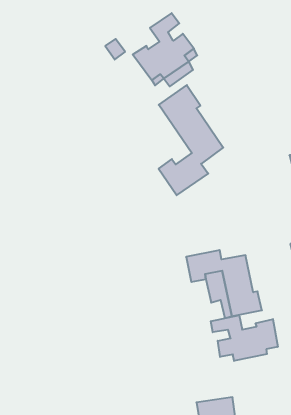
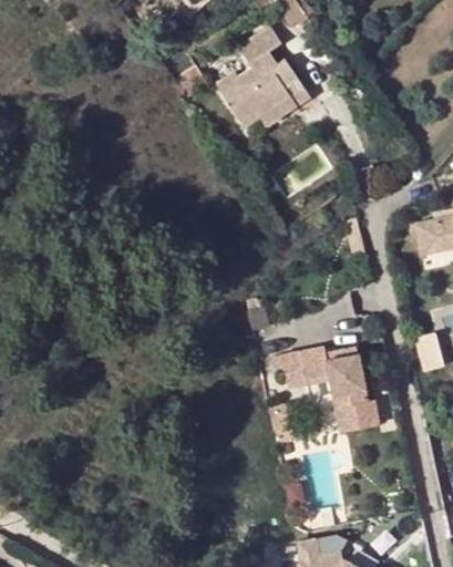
building: [159,85,223,195] -> none
building: [211,315,278,361] -> none

